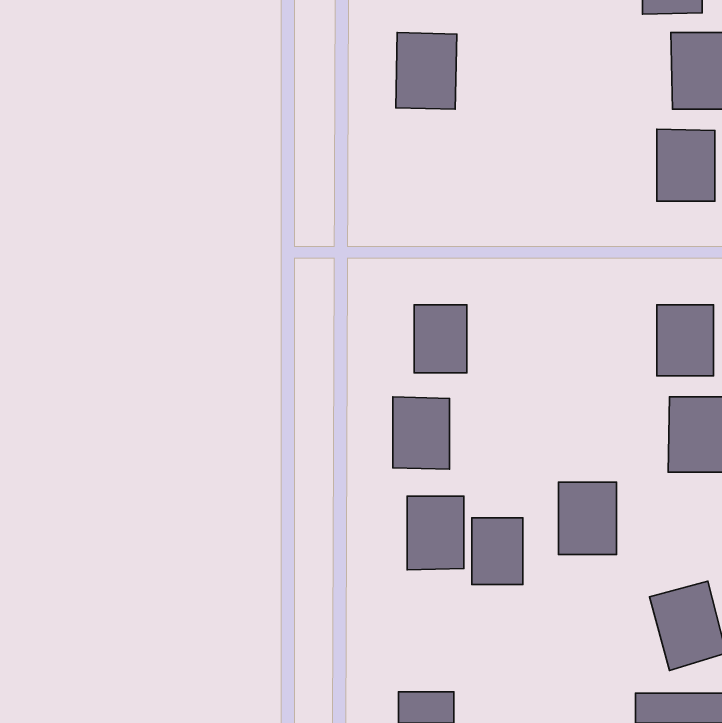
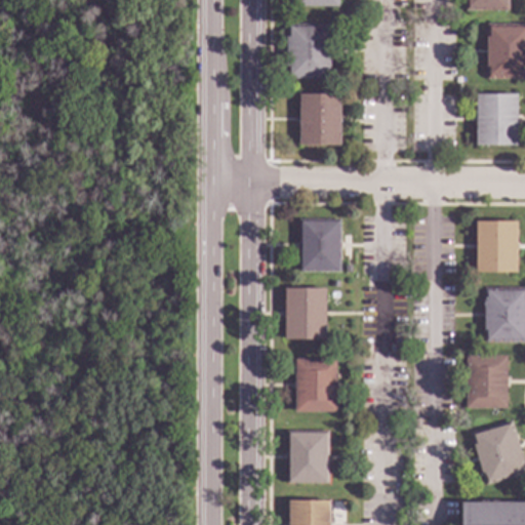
building: none -> [300,93,341,145]
building: [558,482,617,555] -> [467,356,509,408]
building: [472,518,523,584] -> [290,433,327,481]

